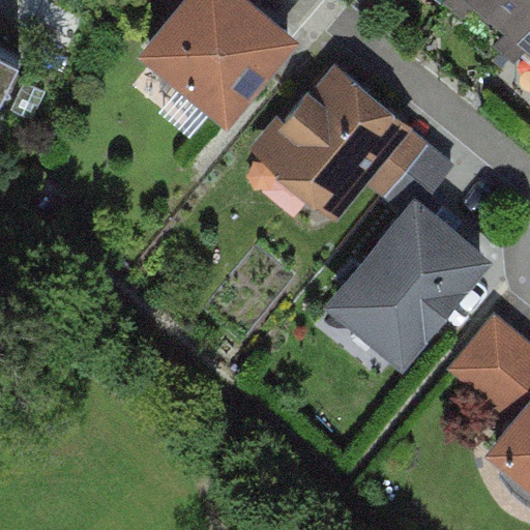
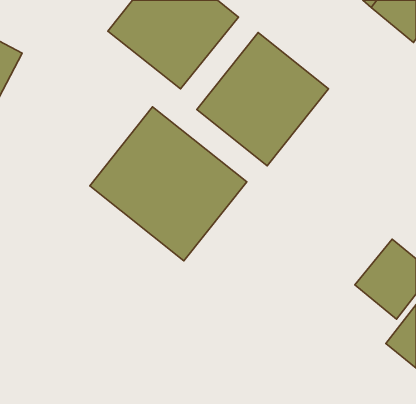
building: none -> [90,107,247,261]
building: [321,194,493,371] -> none

